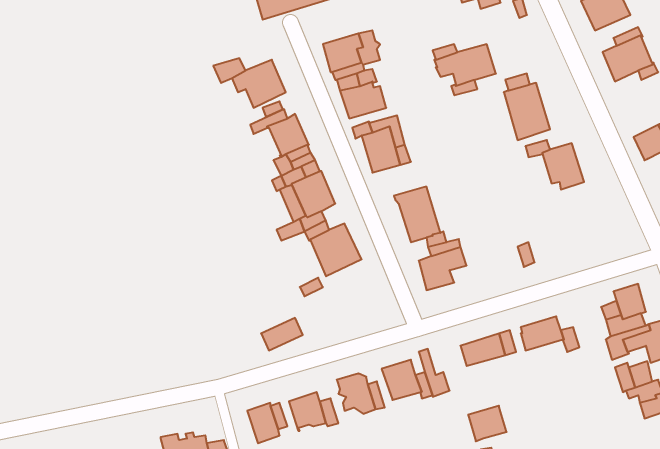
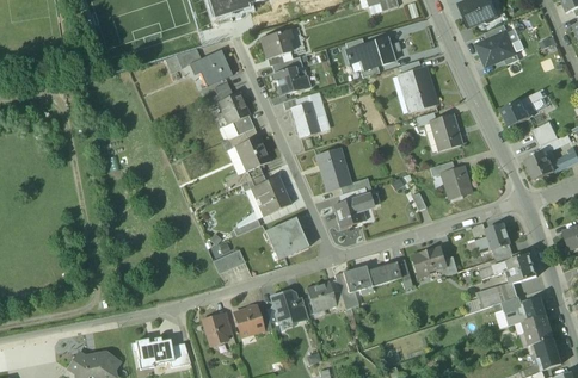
building: none -> [430,160,472,198]
building: none -> [265,217,308,259]
building: [468,406,507,441] -> [342,265,371,292]

